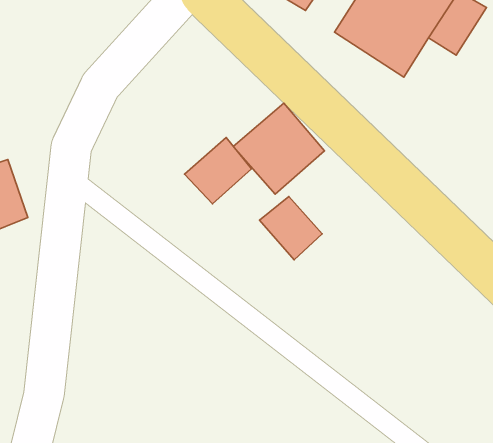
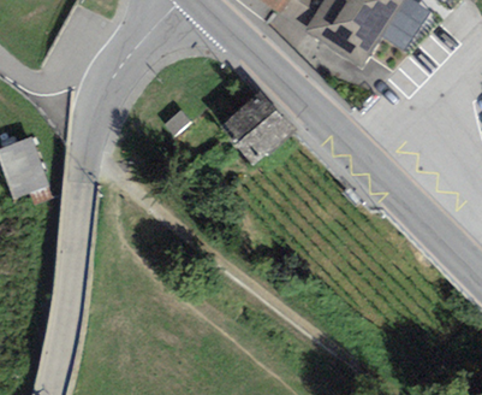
building: [185,138,252,204] -> none
building: [259,196,322,260] -> none

